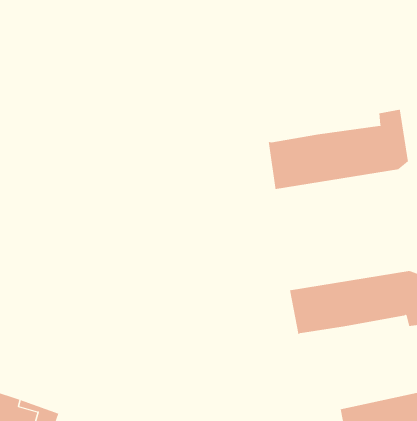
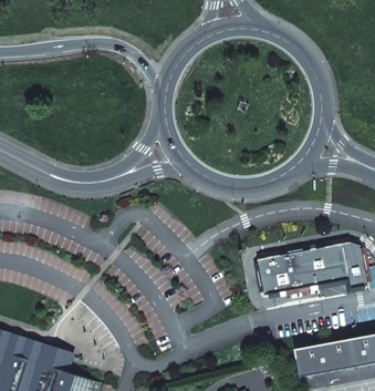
building: [268,109,408,190] -> none

